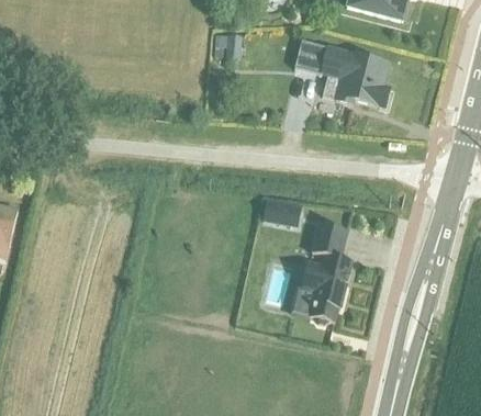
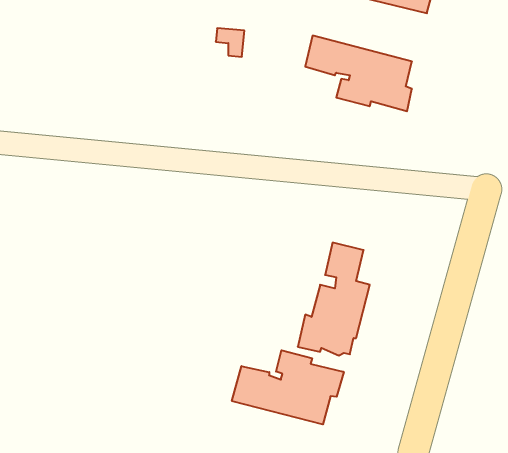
building: [264,199,301,226] -> none
building: none -> [232,350,344,424]

